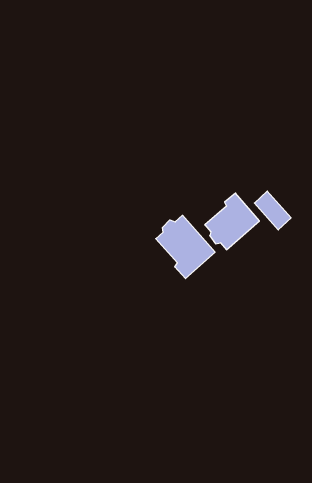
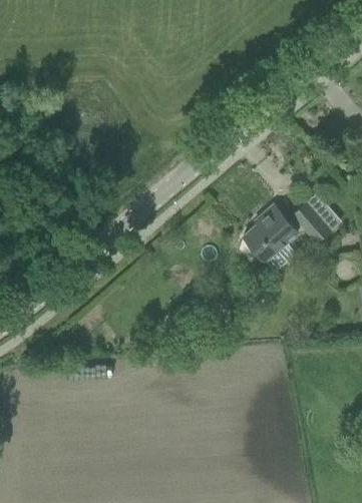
building: [156,215,215,279] -> none

